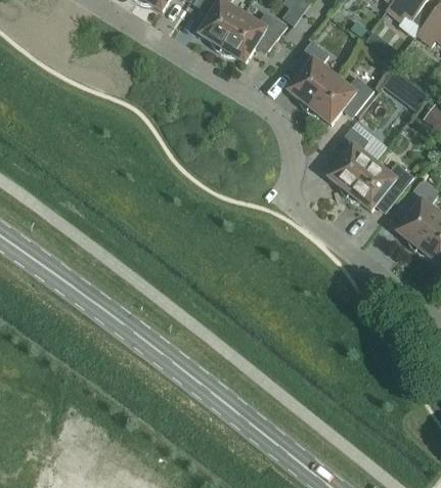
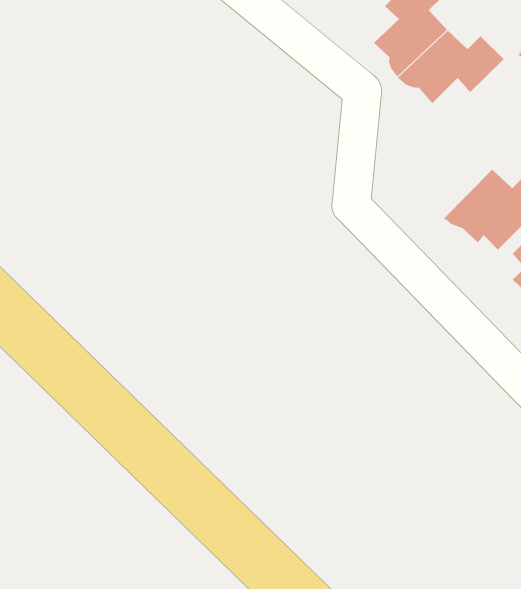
building: [329,126,376,196] -> none

